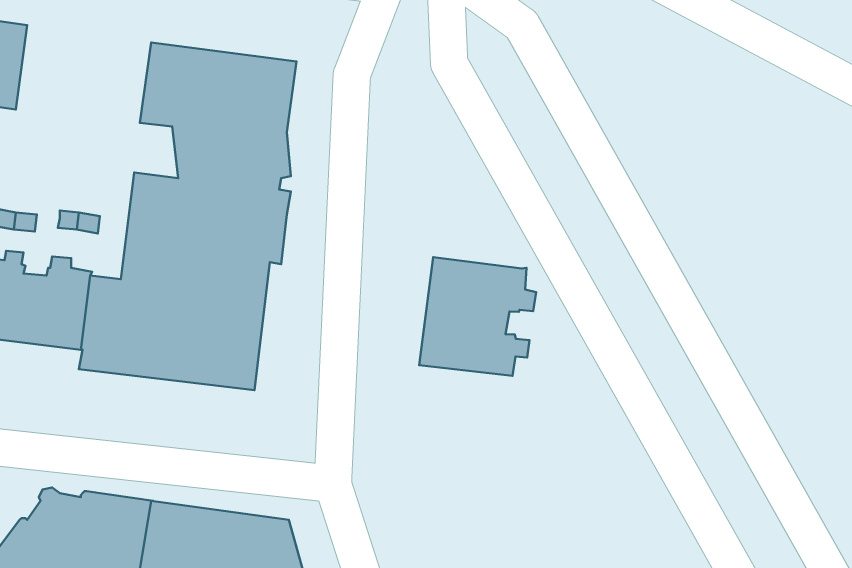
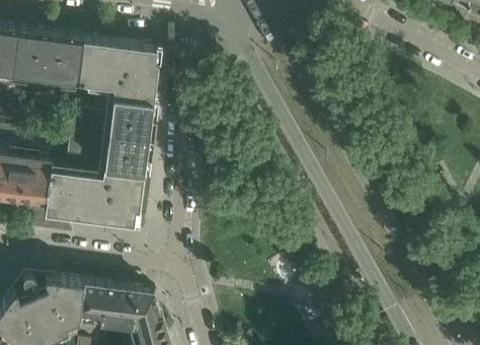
building: none -> [10,32,82,86]
building: [419,257,536,376] -> none

